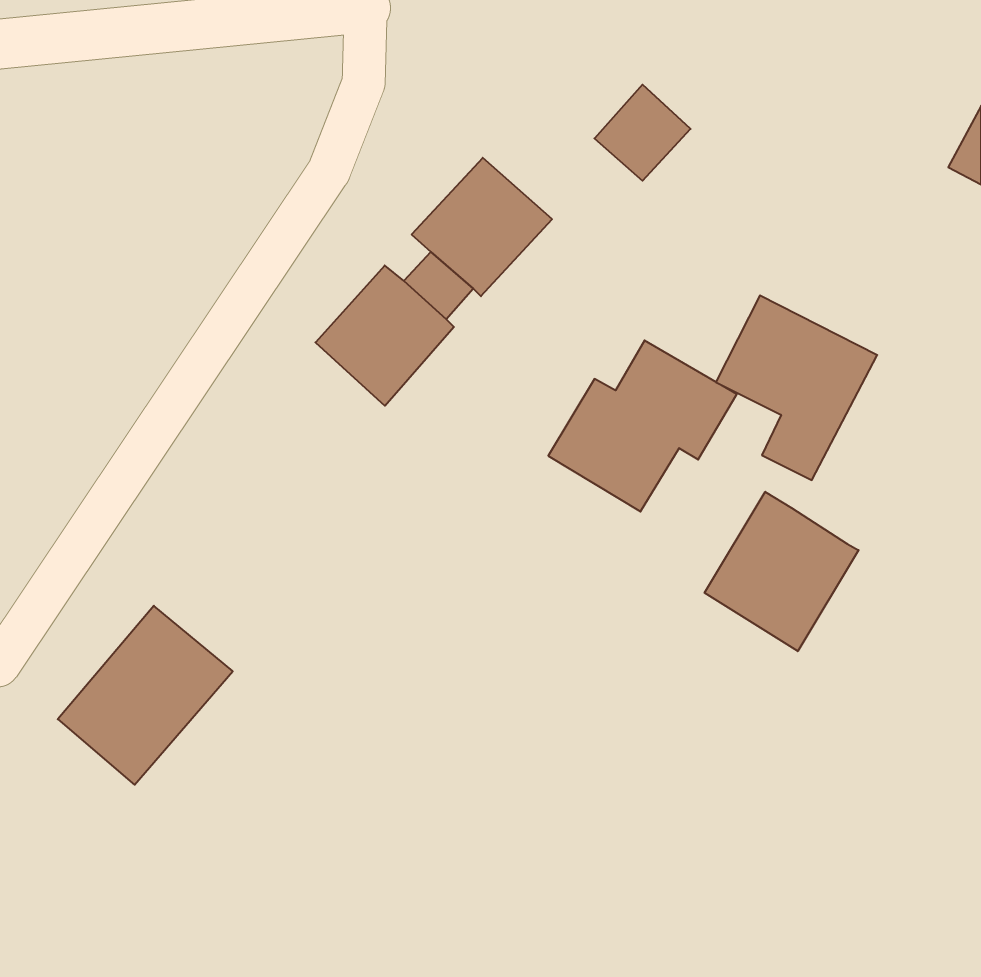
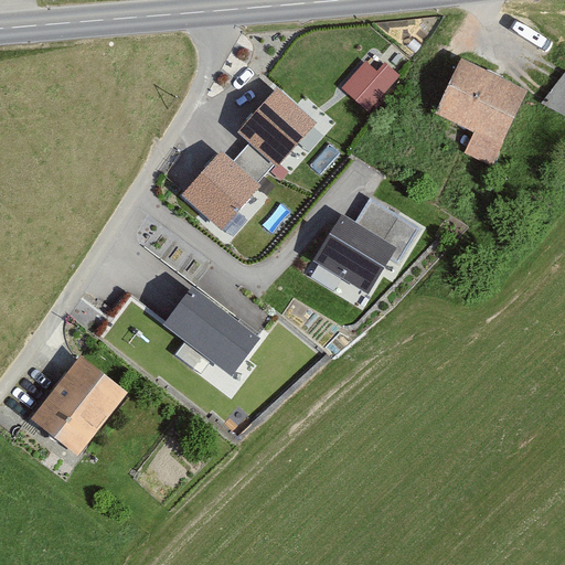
building: [716,295,877,480] -> [435,57,527,163]
building: [705,492,859,651] -> none
building: none -> [162,288,259,377]

